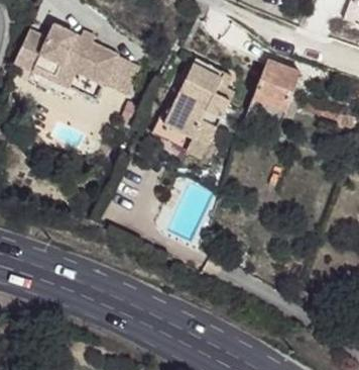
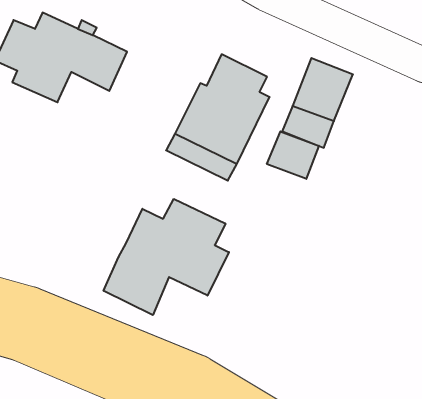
building: none -> [267,131,319,179]
building: none -> [104,199,229,315]

